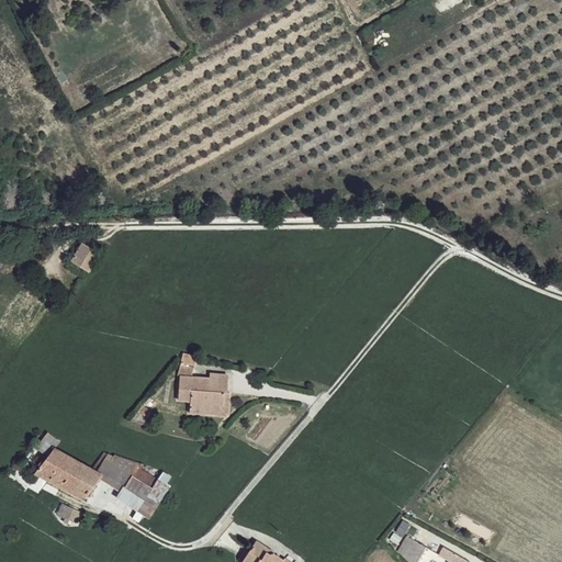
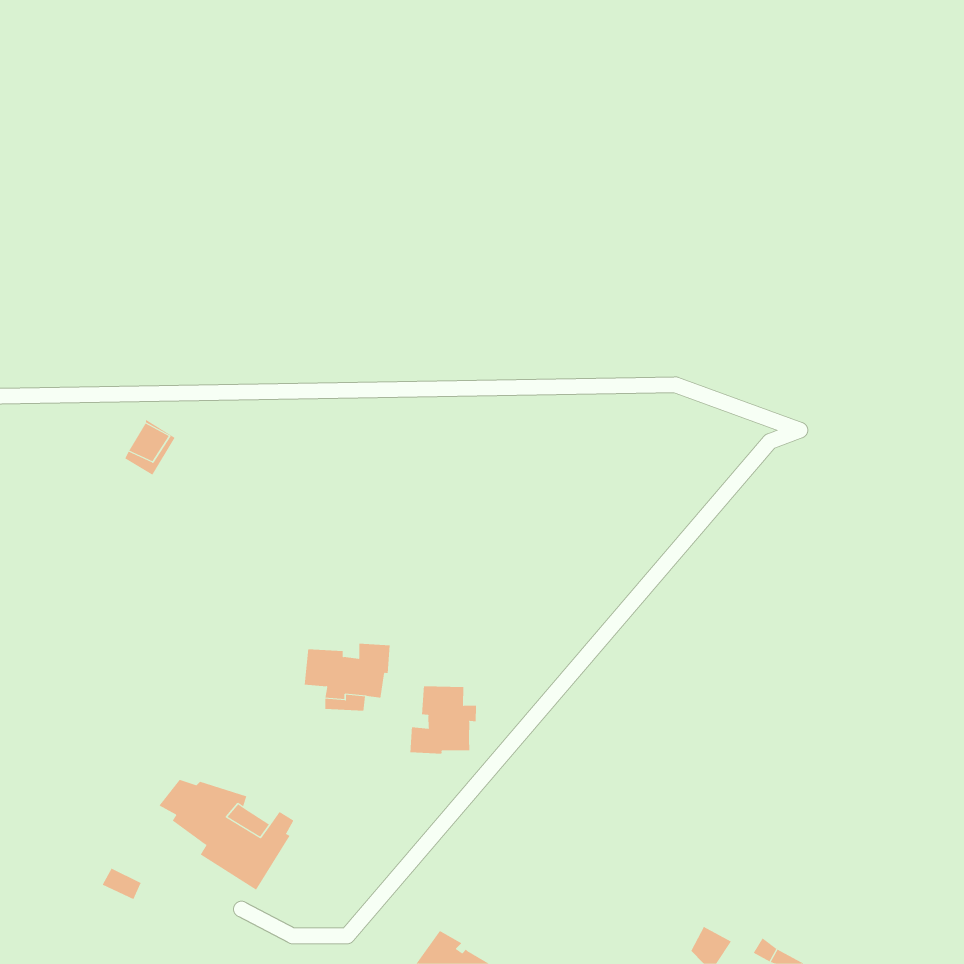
building: none -> [410,686,476,754]
building: [35,432,102,499] -> none

